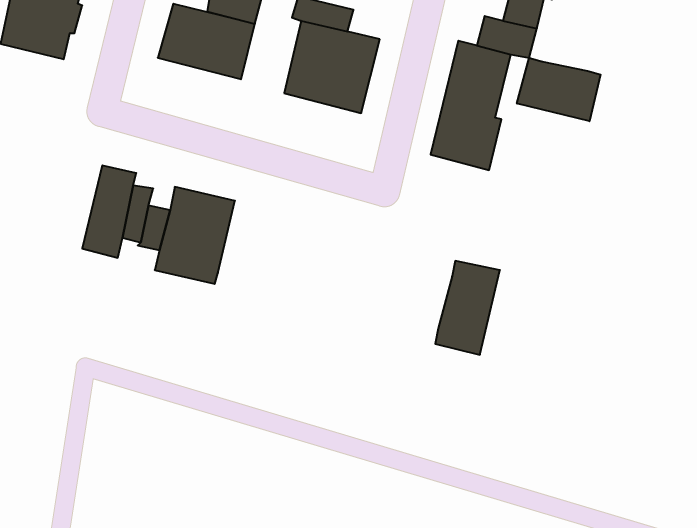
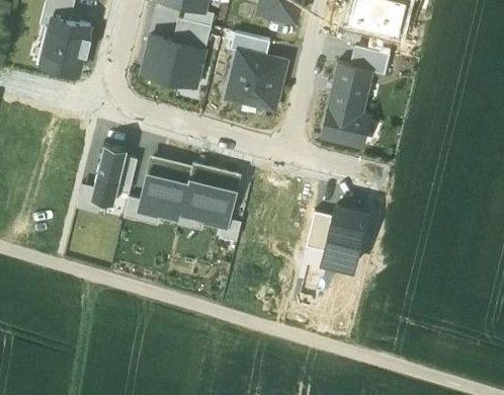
building: [517,58,601,121] -> none
building: none -> [180,165,238,227]
building: none -> [305,213,334,252]

